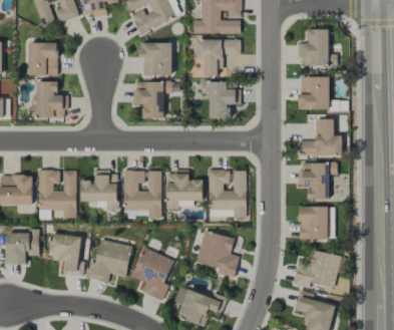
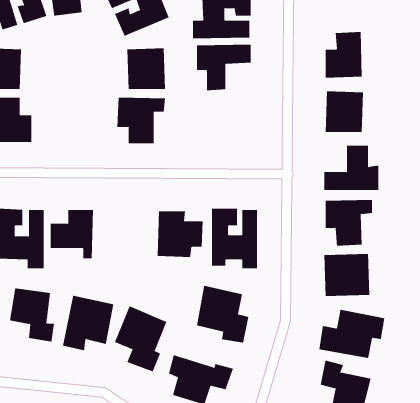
building: [201,81,239,118] -> none
building: [122,171,161,219] -> none

